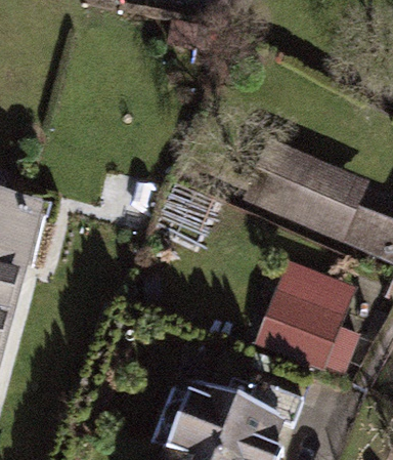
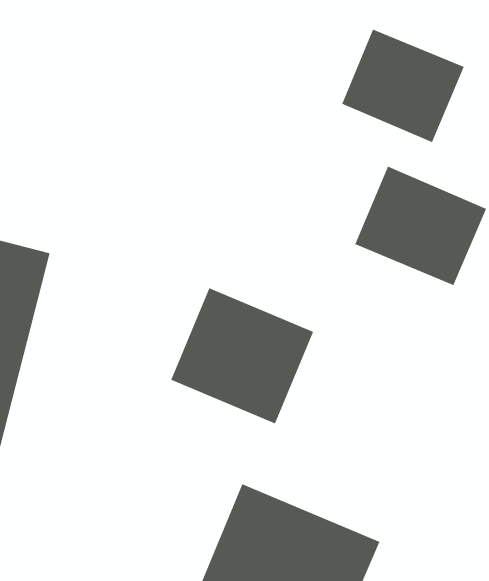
building: none -> [341,28,465,143]
building: [250,257,356,359] -> [170,287,314,424]

